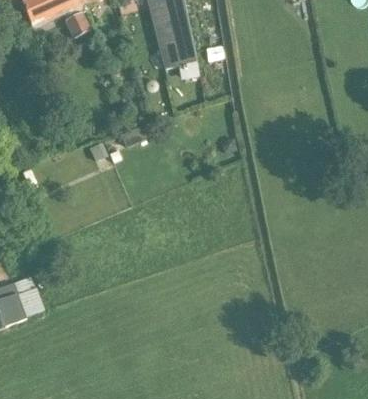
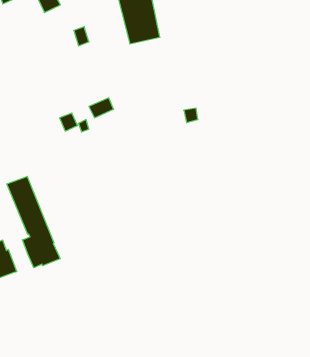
building: none -> [7,176,60,268]

